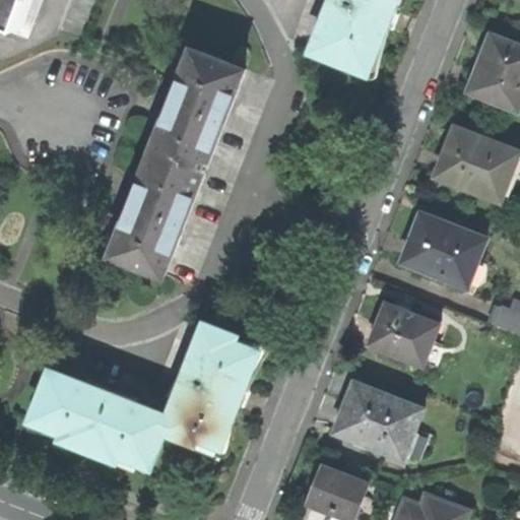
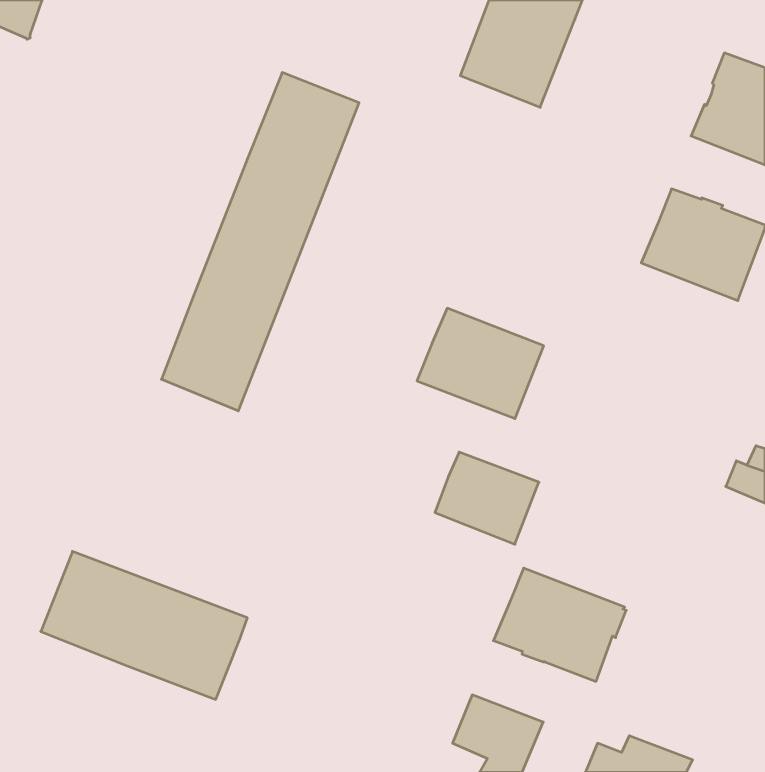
building: [398,213,483,287] -> [417,308,544,419]
building: [367,304,437,366] -> [435,452,539,544]
building: [161,323,257,450] -> none

